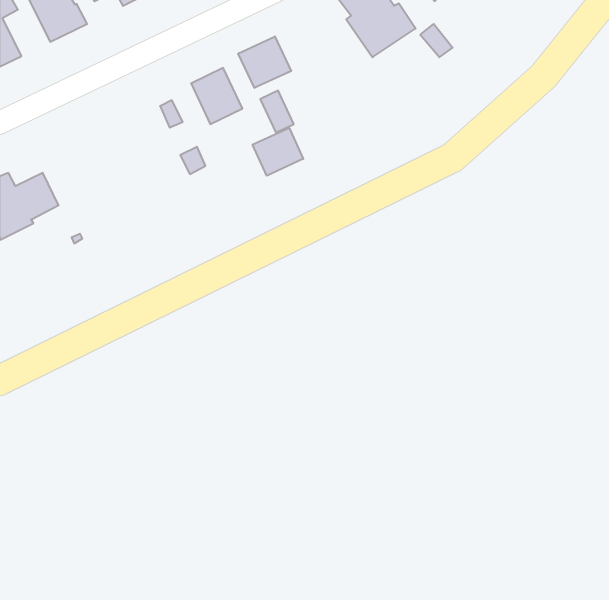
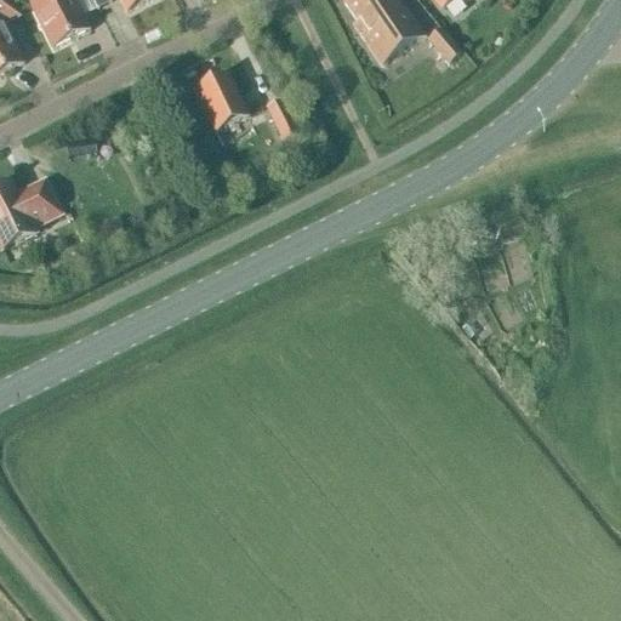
building: [238,36,291,88] -> none
building: [253,128,303,176] -> none

